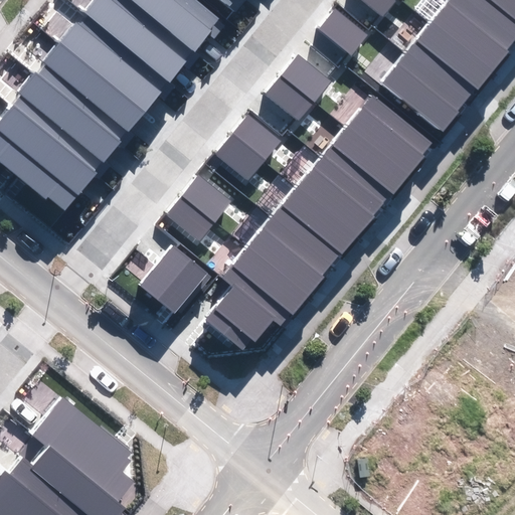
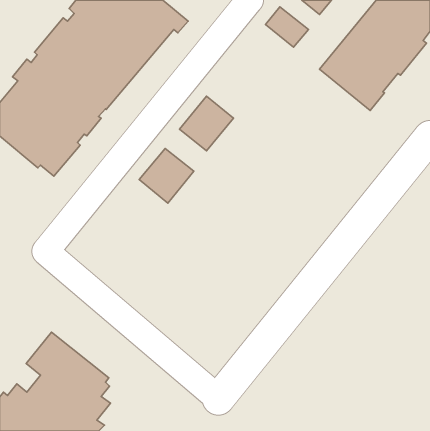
building: [265,53,330,121] -> none
building: [206,96,430,350] -> none
building: [138,243,207,314] -> none

